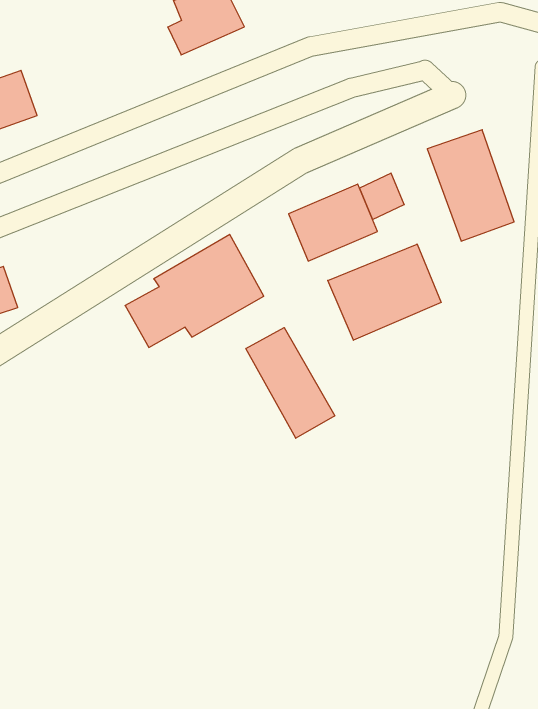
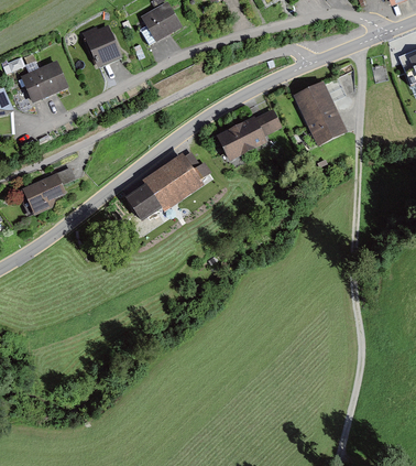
building: none -> [83,28,121,68]
building: [328,244,441,340] -> none
building: [246,328,335,438] -> none

